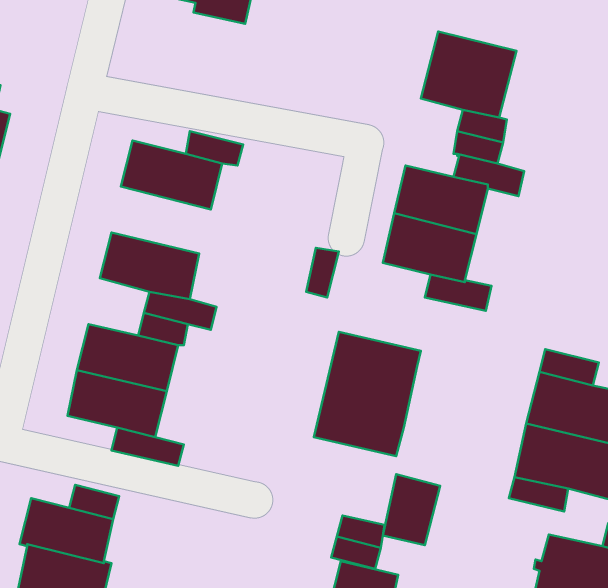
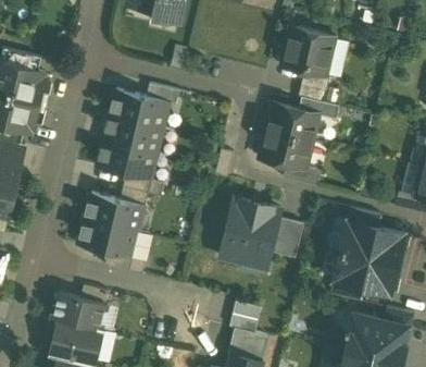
building: none -> [104,114,161,152]
building: [383,474,440,545] -> [271,217,303,257]

